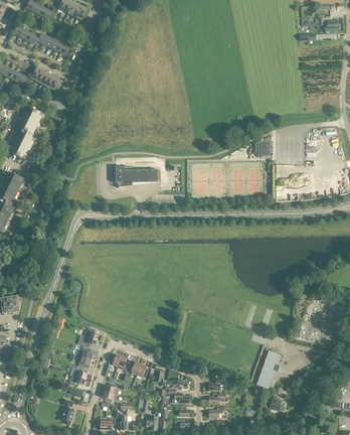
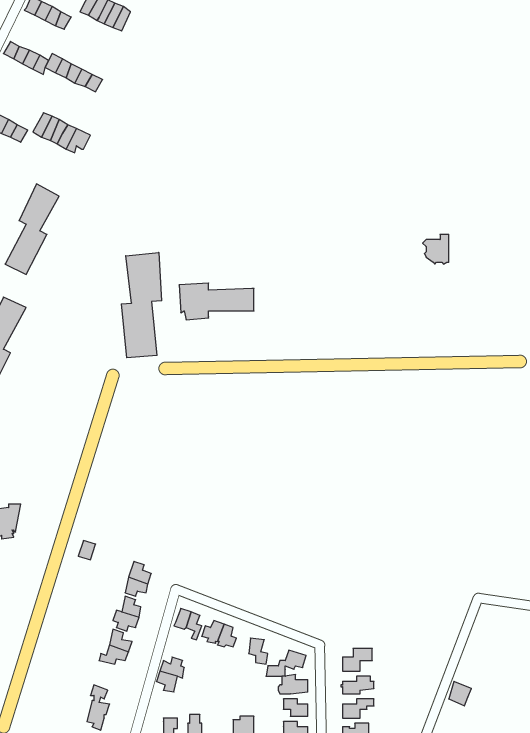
building: none -> [121,252,162,358]
building: [249,344,281,391] -> none

